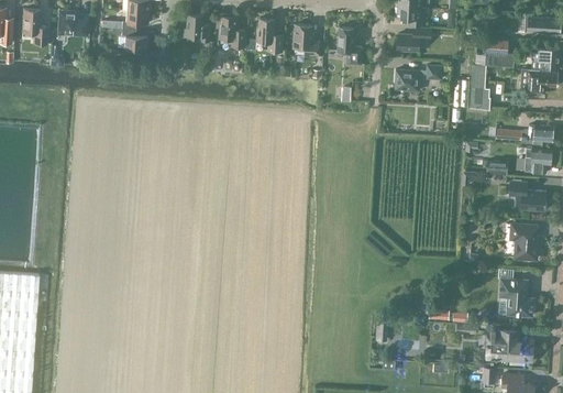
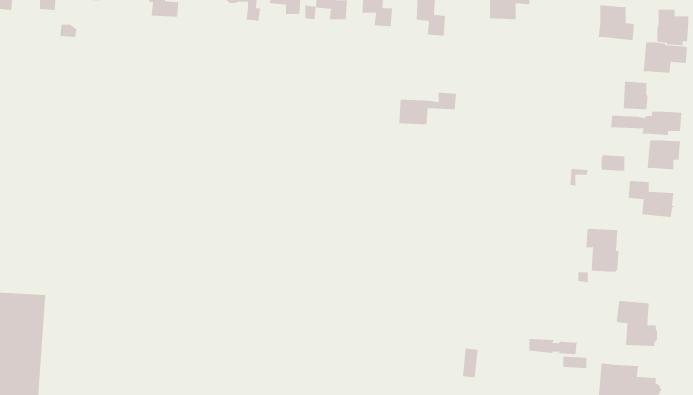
building: [395,65,442,91] -> [398,92,457,125]
building: [470,87,490,110] -> [623,81,649,110]
building: [510,225,538,260] -> [585,229,619,272]

